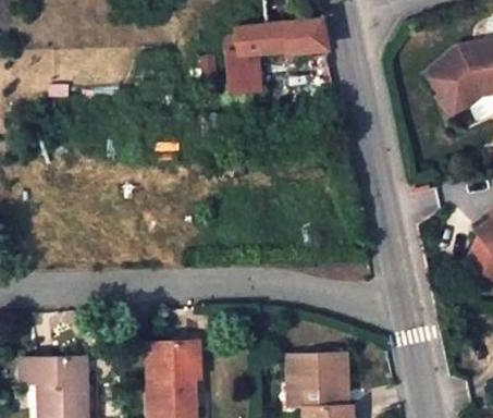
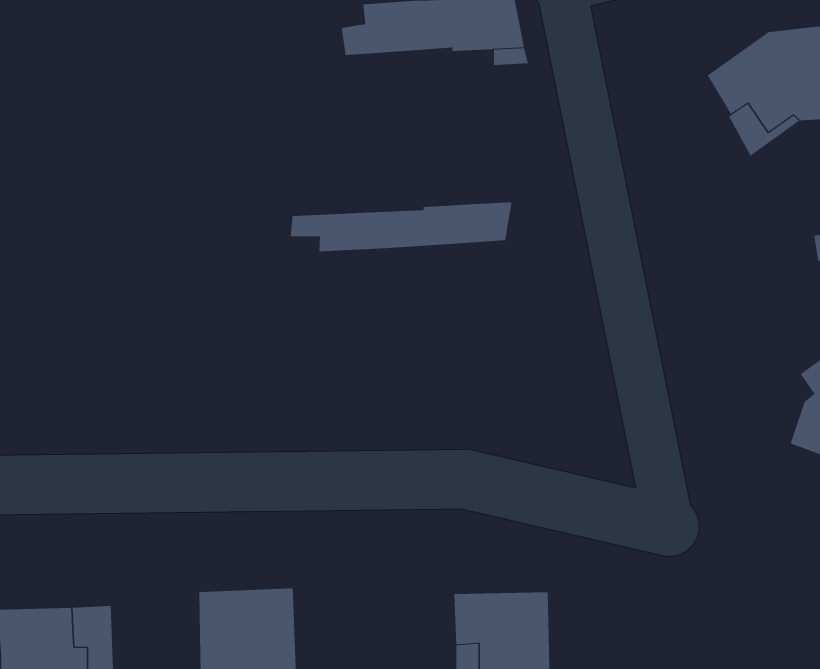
building: [226,52,261,93] -> none
building: none -> [290,201,512,252]

